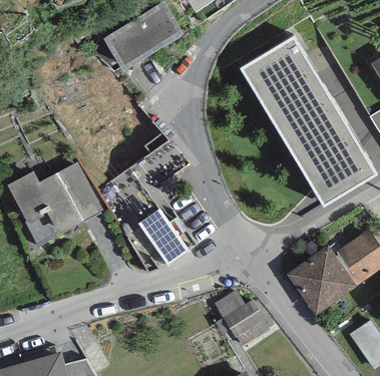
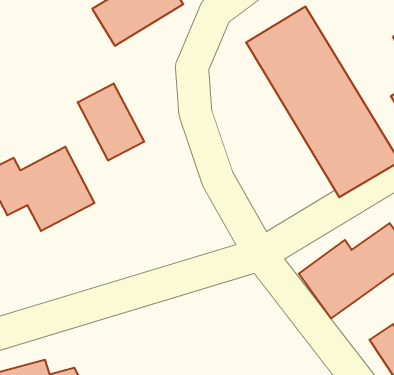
building: none -> [78,83,144,161]
building: [137,209,191,268] -> none
building: [215,291,274,347] -> none

